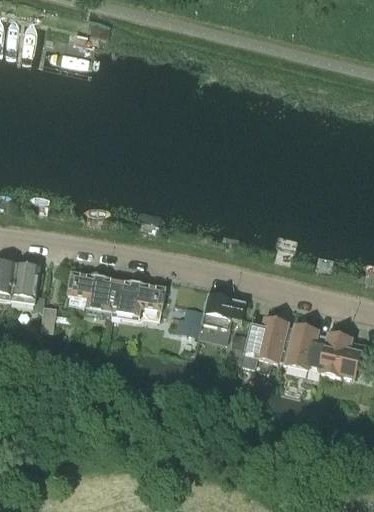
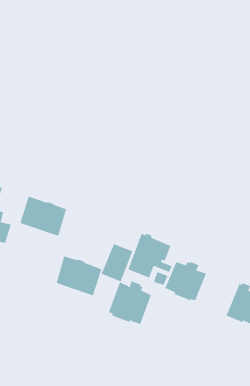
building: [114,279,165,320] -> [56,256,102,296]
building: [283,324,329,370] -> none
building: none -> [108,280,152,325]

